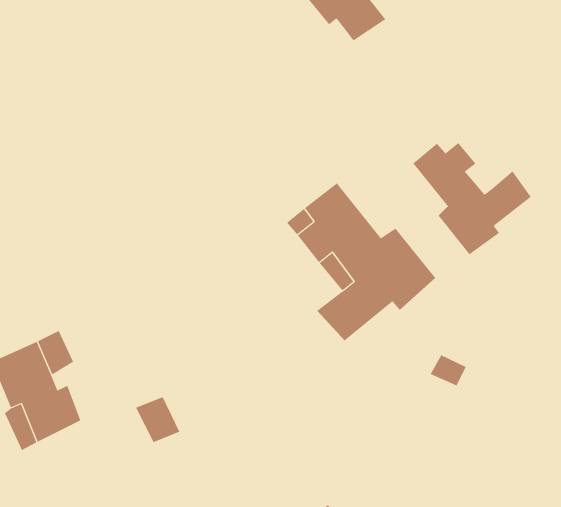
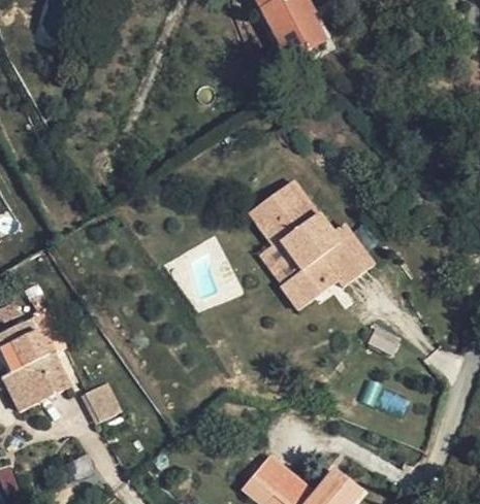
building: [412,142,531,255] -> none
building: [135,397,180,443] -> [82,379,120,418]

